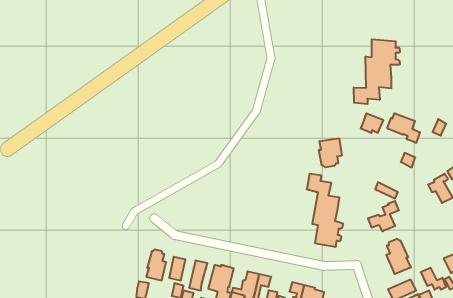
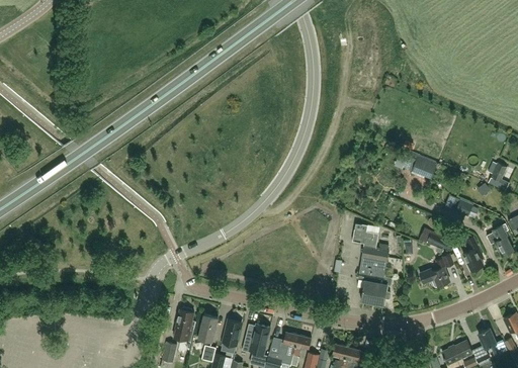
building: [354,39,400,104] -> none
building: [387,113,420,143] -> none
building: [319,138,342,167] -> none
building: none -> [462,238,483,271]
building: [386,239,411,274] -> none

